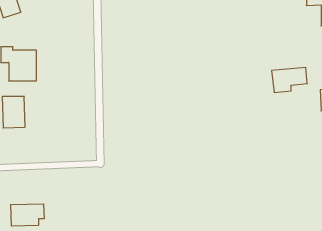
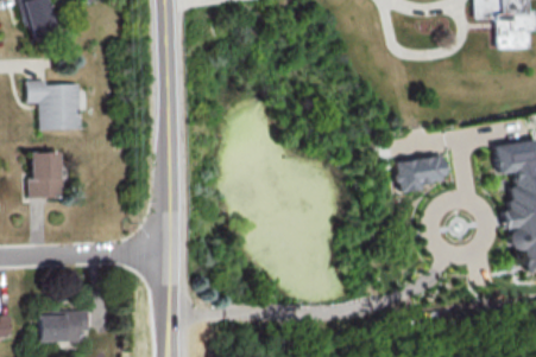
building: [272,67,307,92] -> [395,155,447,192]

